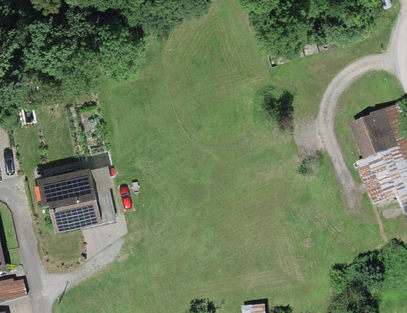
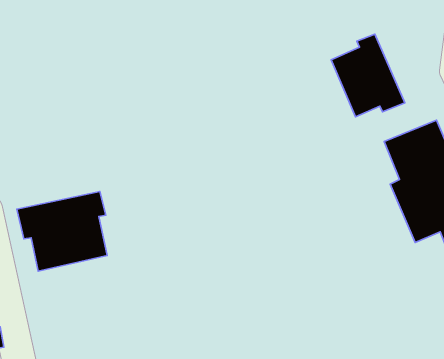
building: none -> [331,34,405,117]

